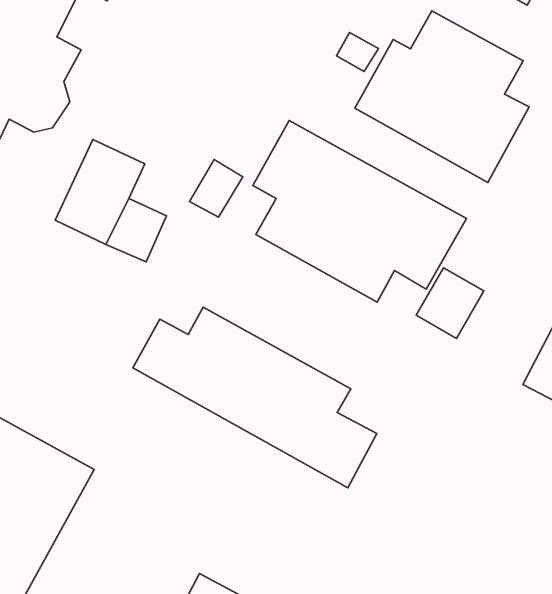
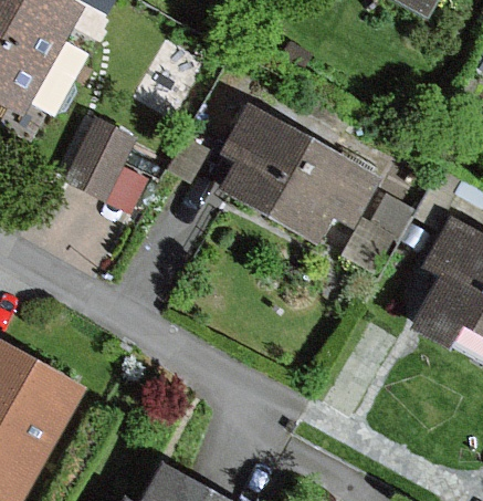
building: [355,11,529,183] -> none
building: [133,307,377,488] -> none

